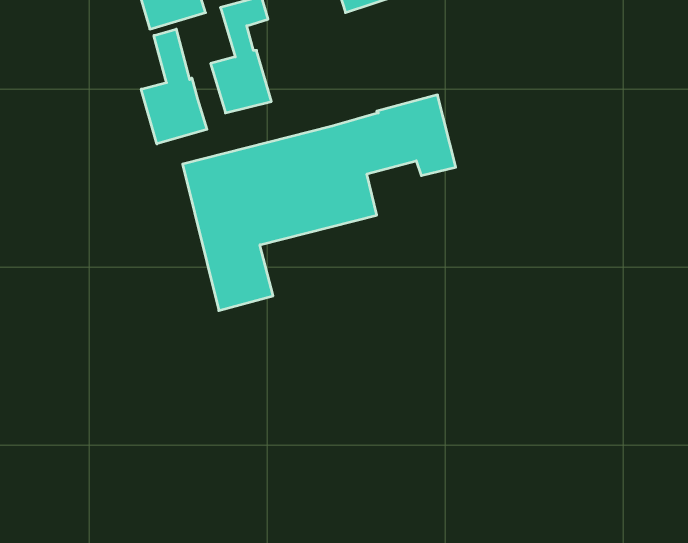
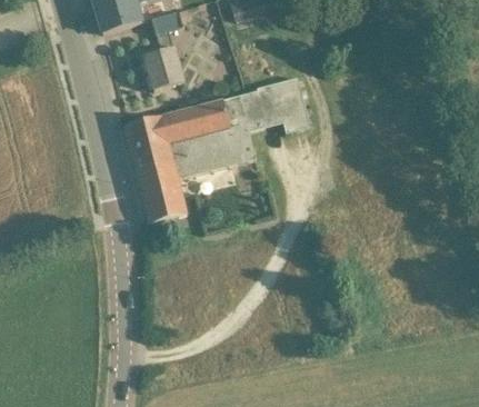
building: [141,29,207,144] -> none

